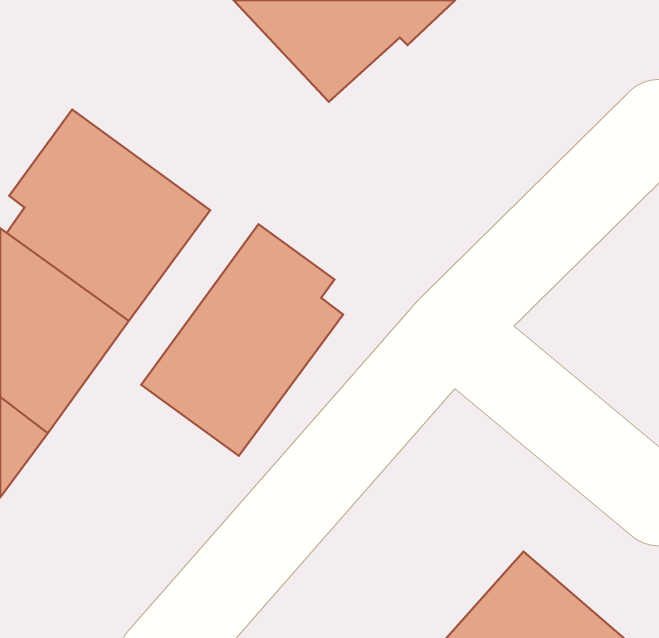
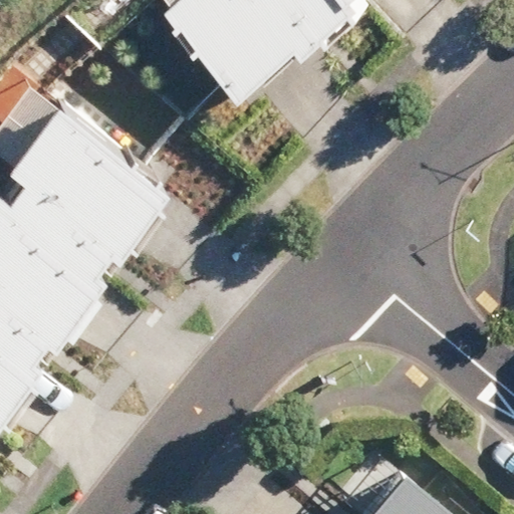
building: [141,224,343,456] -> none

